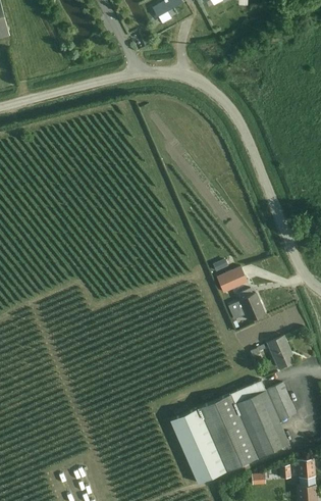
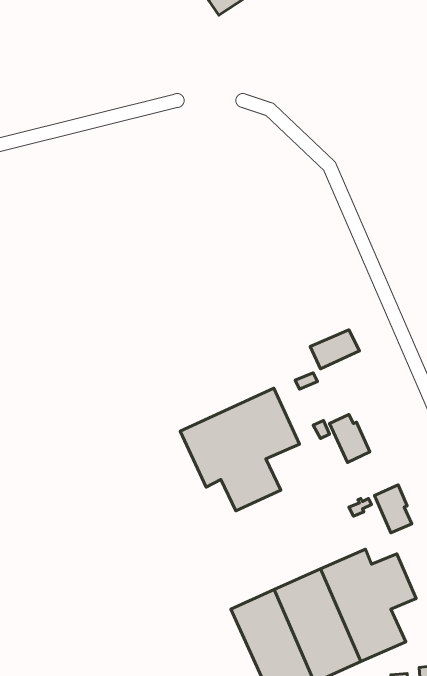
building: [218,267,252,294] -> [310,330,359,369]
building: none -> [180,388,300,511]

